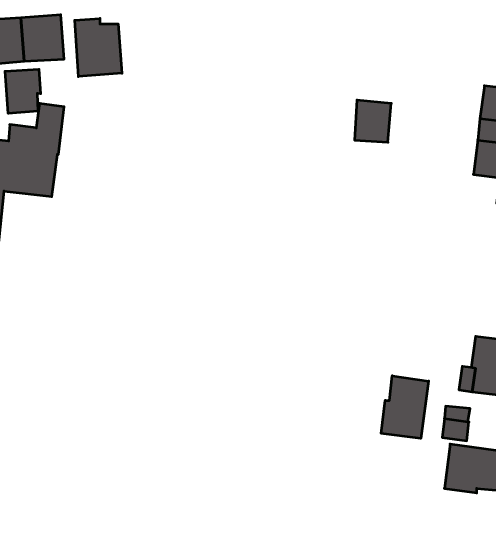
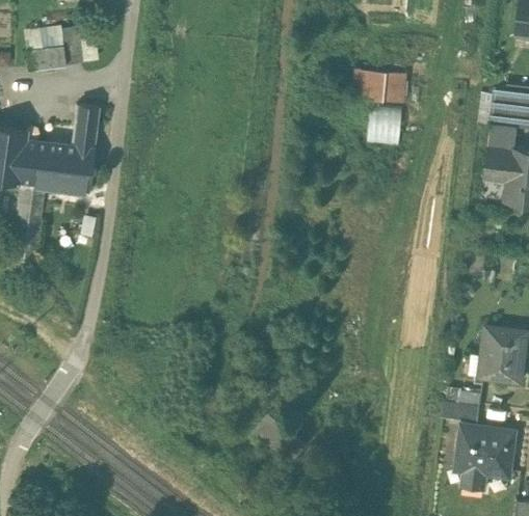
building: [75,18,122,77] -> none
building: none -> [353,71,409,105]
building: [5,69,41,113] -> none
building: [381,376,429,438] -> none

